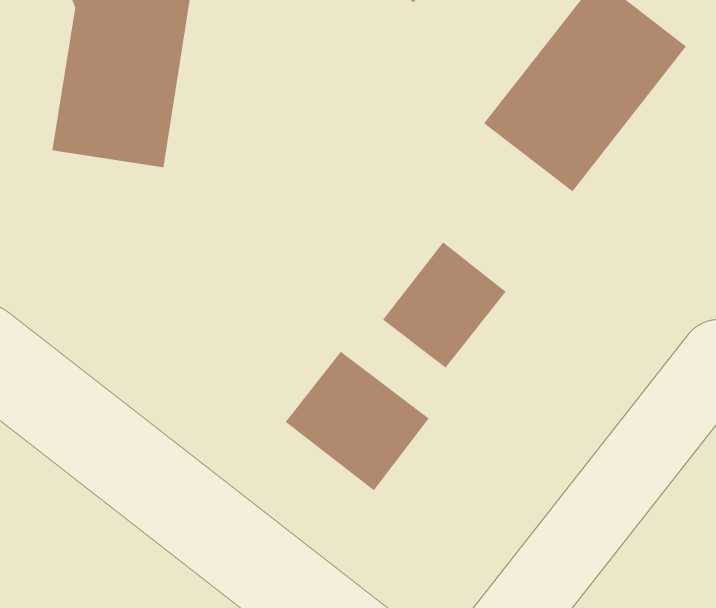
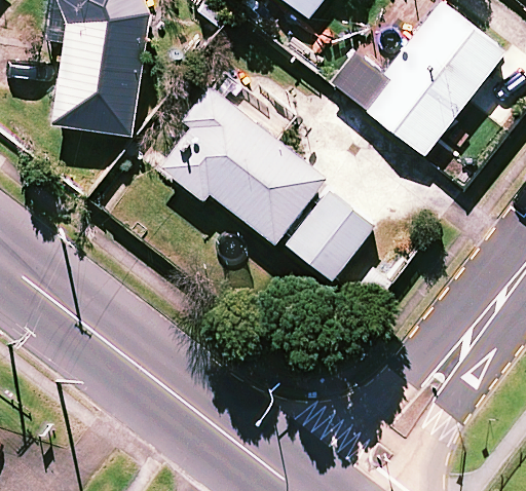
building: none -> [159,86,323,241]
building: [285,351,429,491] -> none

